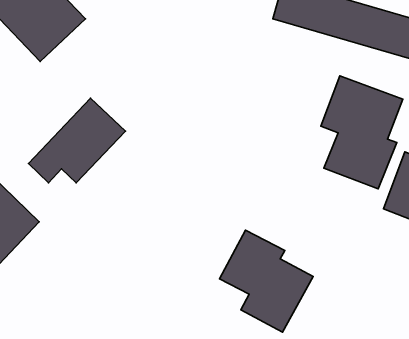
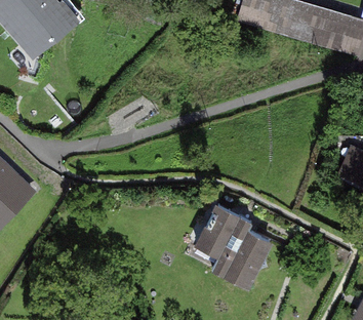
building: [321,76,403,189] -> none
building: [28,98,125,183] -> none

